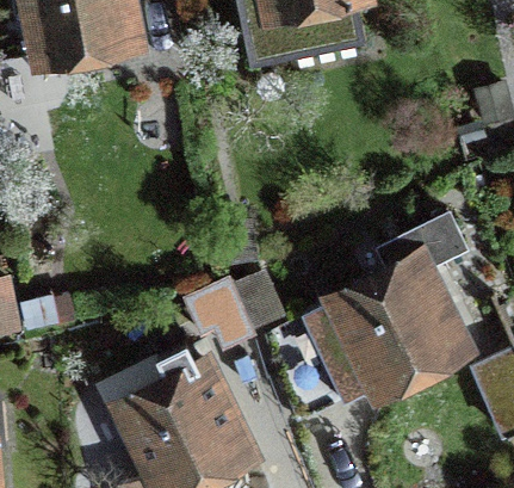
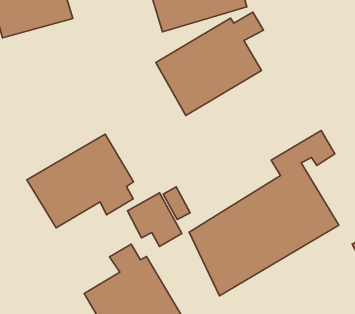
building: none -> [156,12,264,115]
building: none -> [27,134,134,228]

